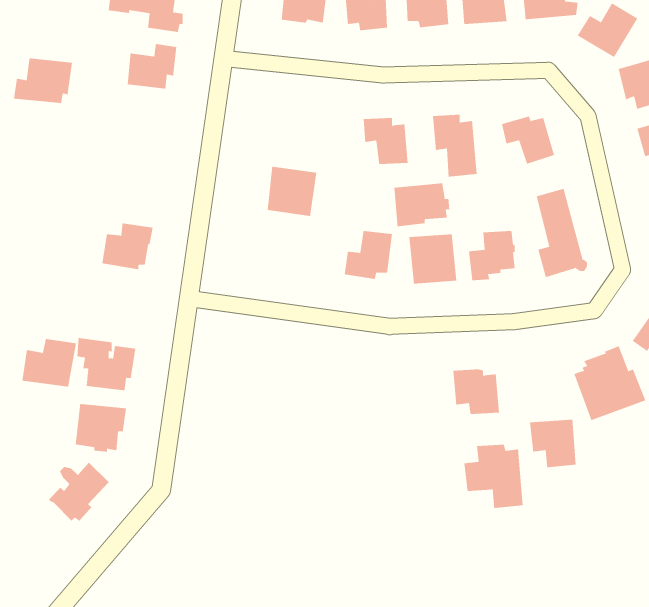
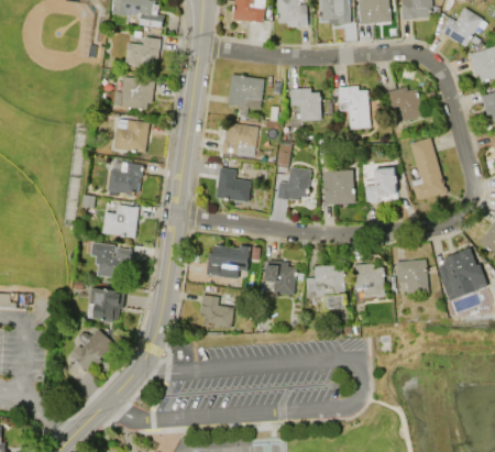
building: [13,58,73,103] -> [112,77,154,109]
building: none -> [228,75,264,109]
building: none -> [112,120,148,153]
building: [394,182,450,227] -> none
building: none -> [216,168,250,202]
building: [22,338,77,387] -> [100,203,139,238]
building: none -> [205,245,250,279]
building: none -> [264,261,297,296]
building: none -> [200,295,233,329]
building: [529,419,576,468] -> [395,260,428,294]
building: [464,444,523,509] -> [305,265,347,310]

